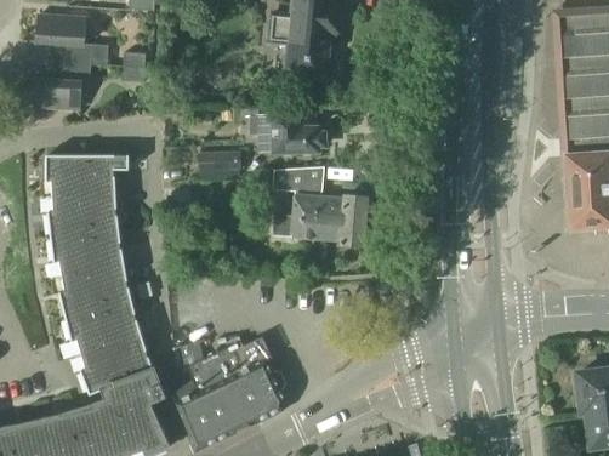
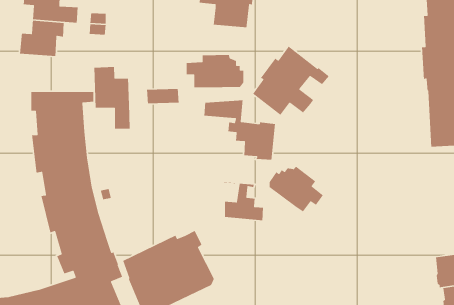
building: none -> [252,46,330,116]
building: none -> [94,66,131,130]
building: [272,188,325,240] -> [223,181,264,221]
building: none -> [269,166,324,213]

